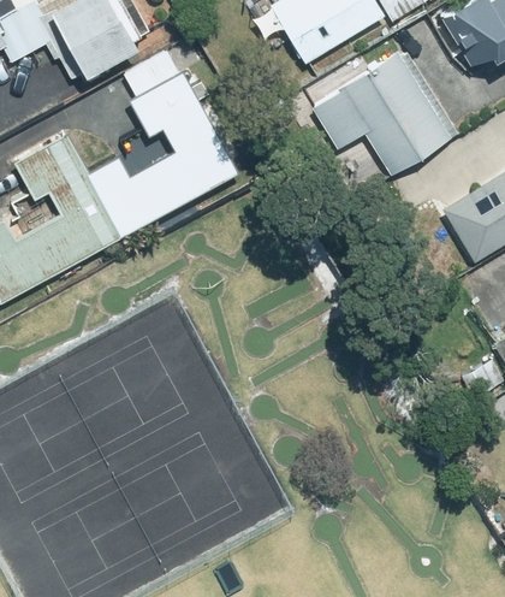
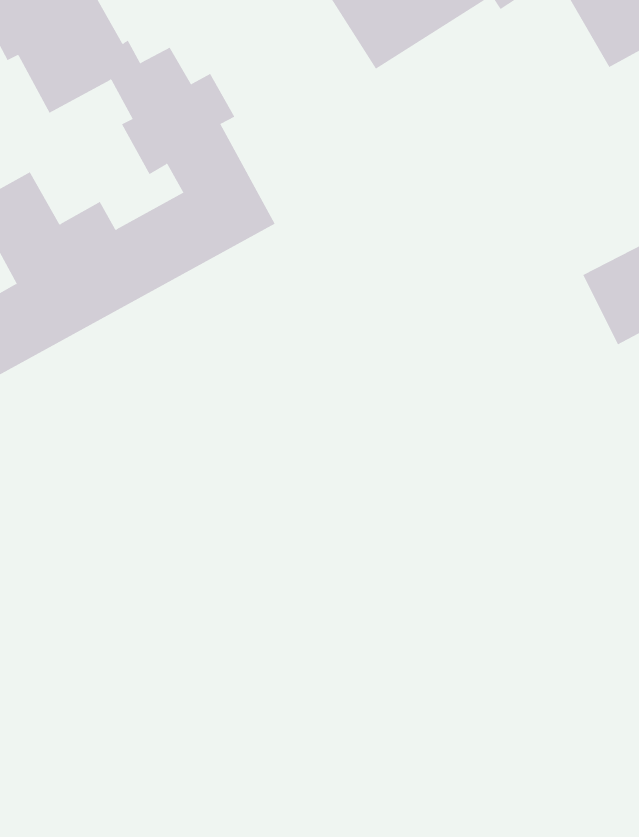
building: [311,53,454,176] -> none

